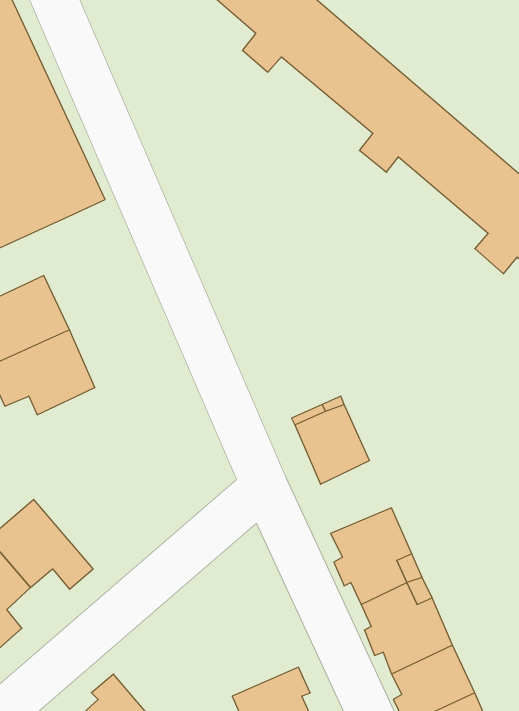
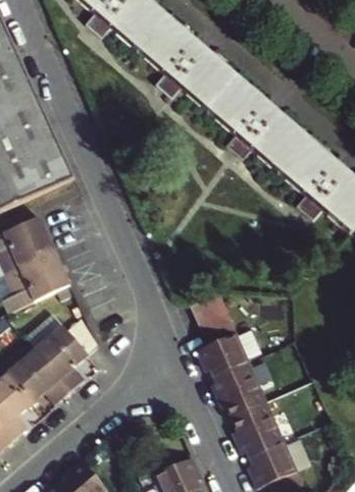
building: none -> [32,325,87,392]
building: none -> [194,327,247,371]

